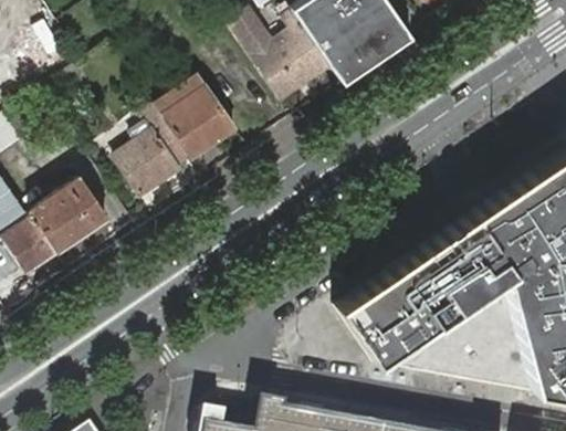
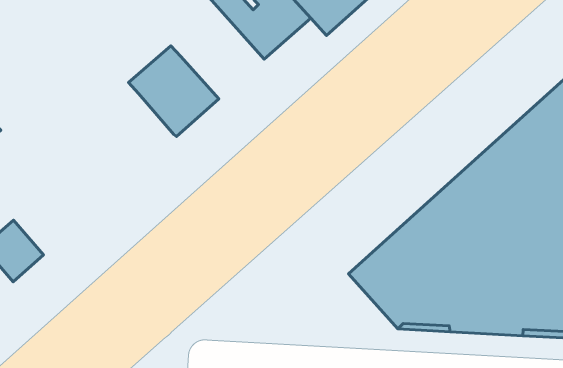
building: [115,102,192,193] -> none
building: [32,176,109,251] -> none

